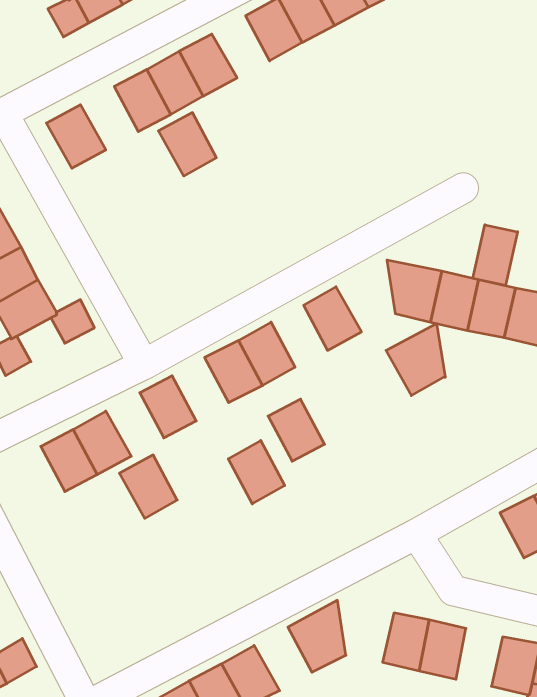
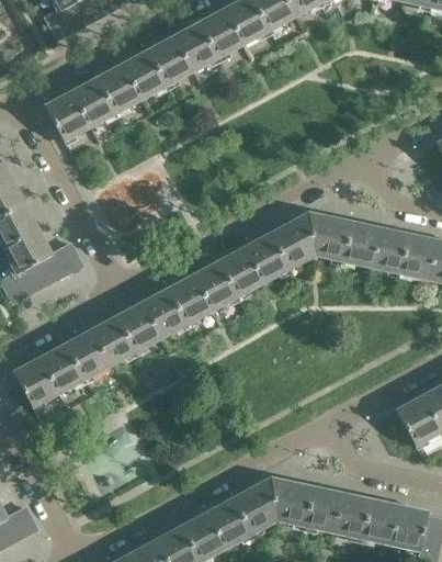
building: none -> [172,22,217,70]
building: [158,113,216,176] -> [70,77,115,126]
building: [473,225,518,285] -> none
building: none -> [21,257,58,291]
building: [386,324,445,396] -> [269,212,315,268]
building: [268,399,325,461] -> [218,247,262,295]
building: [228,440,285,504] -> [141,288,185,337]
building: none -> [13,357,58,406]
building: [119,455,177,518] -> [90,315,135,364]
building: none -> [270,476,314,525]
building: none -> [205,497,250,547]
building: none -> [362,498,398,543]

